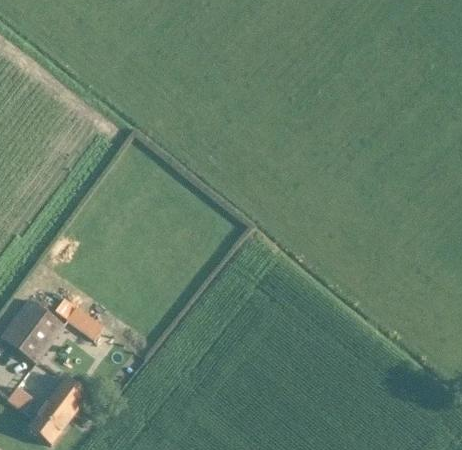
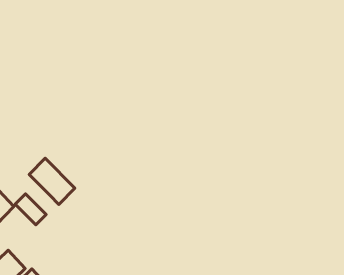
building: none -> [29,158,75,204]

